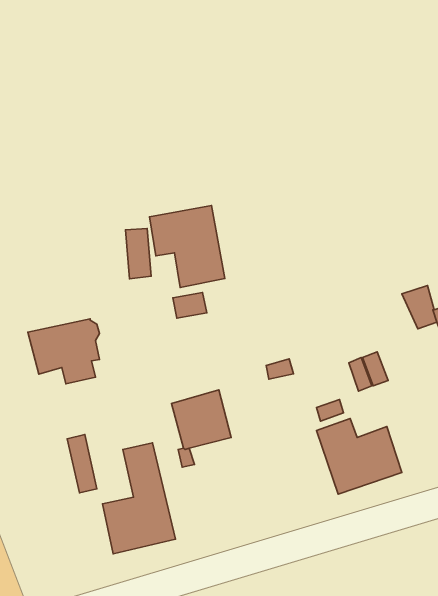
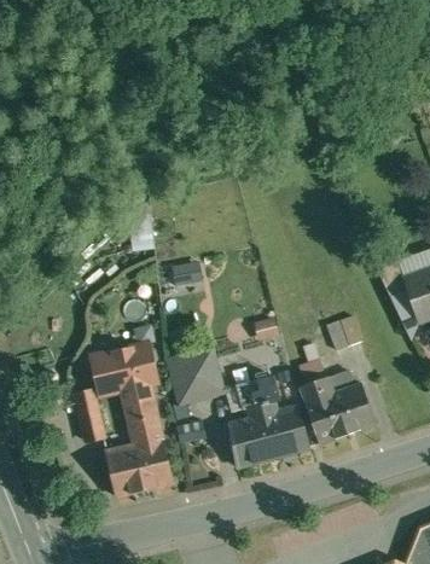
building: [149,205,225,287] -> none
building: [28,319,100,384] -> [92,345,156,403]
building: none -> [229,376,308,464]

